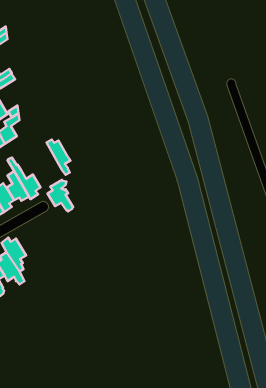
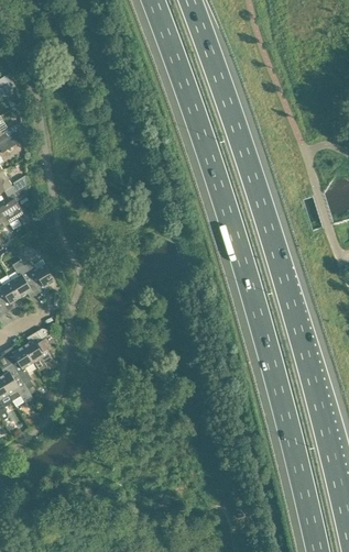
building: [46,139,70,175] -> none
building: [48,180,73,211] -> [23,328,56,368]

